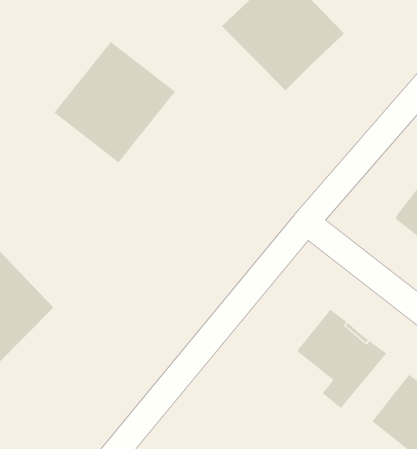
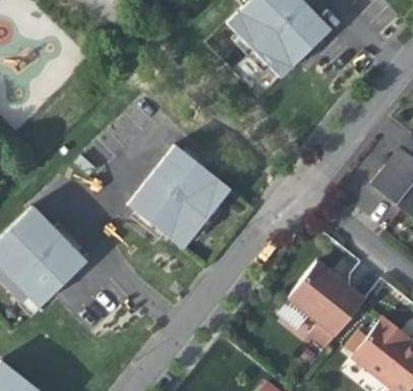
building: [54,41,176,163] -> [128,145,231,247]

